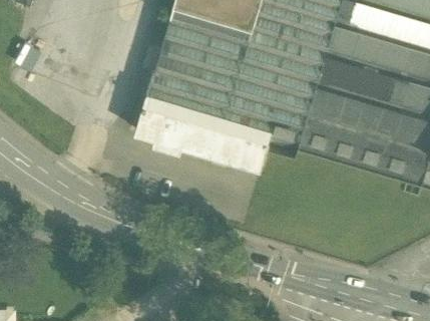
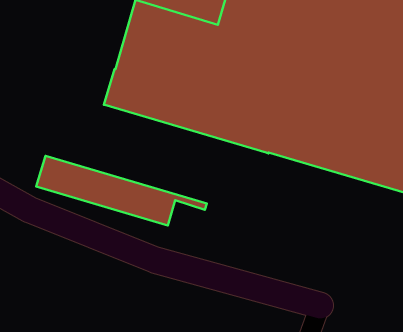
building: [135,104,298,171] -> [36,156,207,226]

